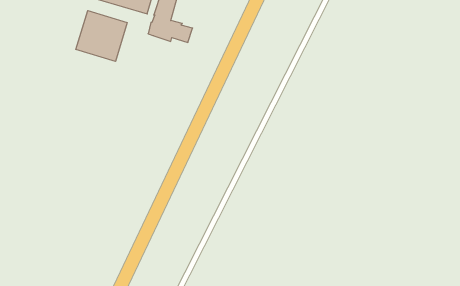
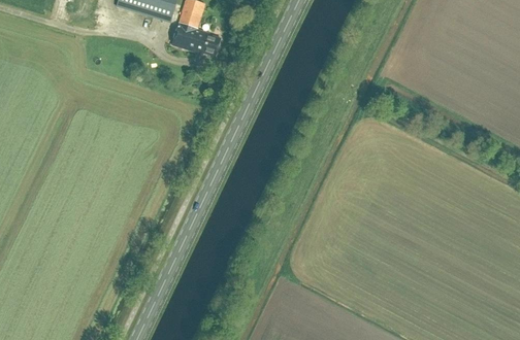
building: [76,11,127,61] -> none

